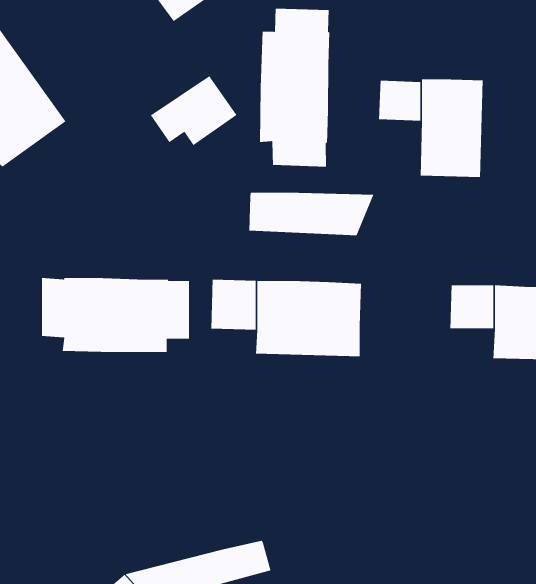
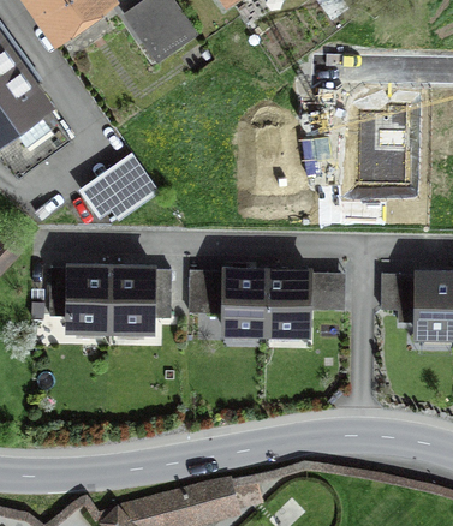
building: [259,8,330,167] -> none
building: [150,75,238,146] -> [85,159,156,216]
building: [248,192,375,236] -> none
building: none -> [309,271,342,307]

